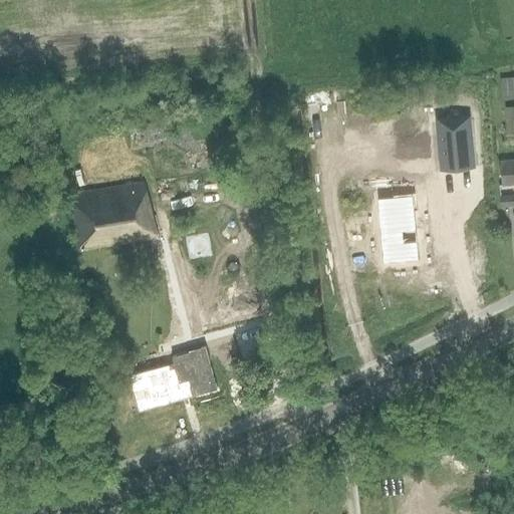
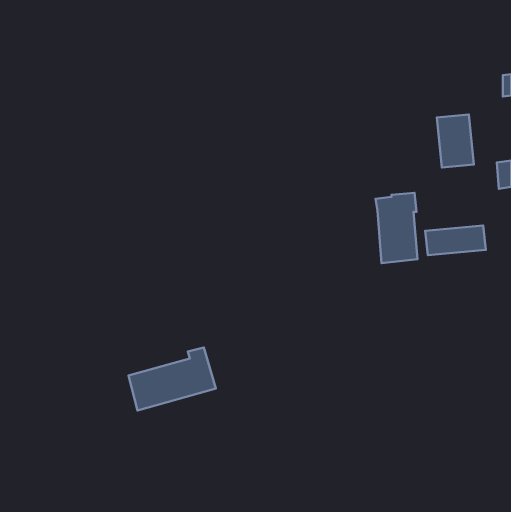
building: [71,181,157,247] -> none
building: none -> [425,226,486,255]

